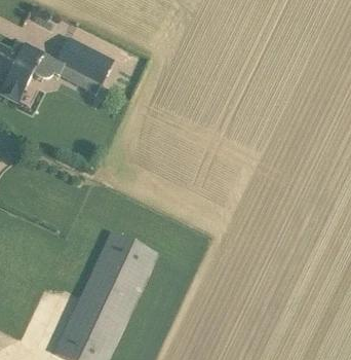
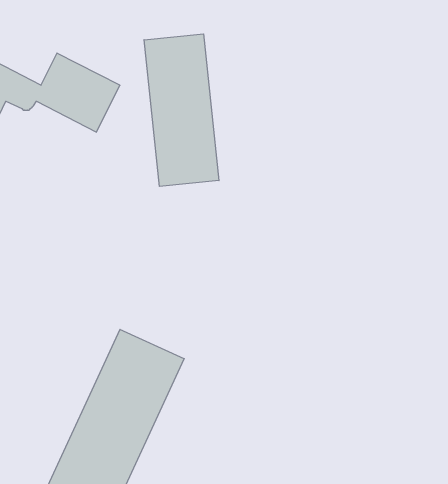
building: none -> [144,34,219,186]

